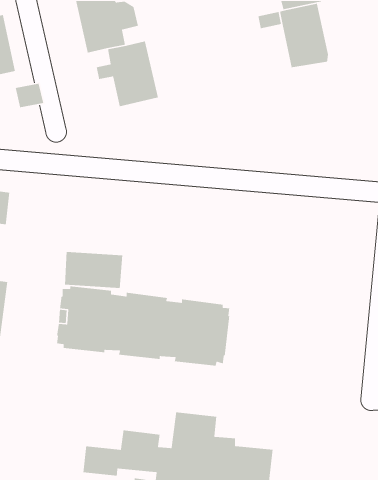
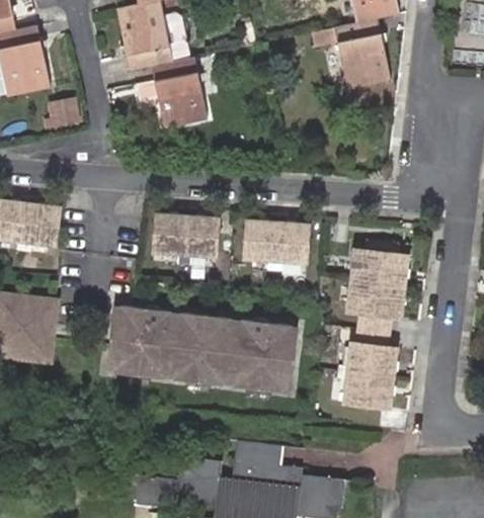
building: none -> [242,221,306,261]
building: none -> [343,242,405,407]
building: [64,251,123,289] -> [152,214,216,255]

